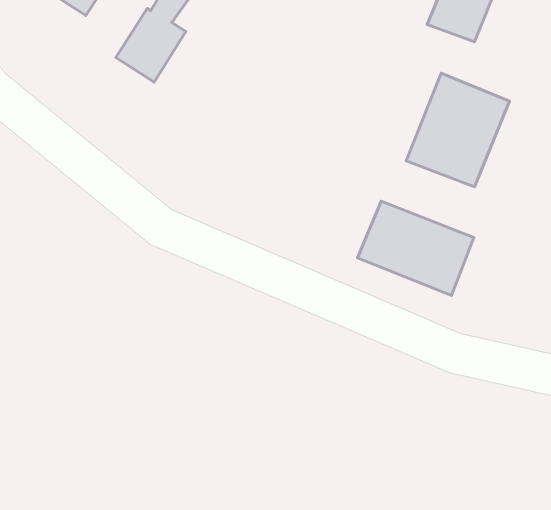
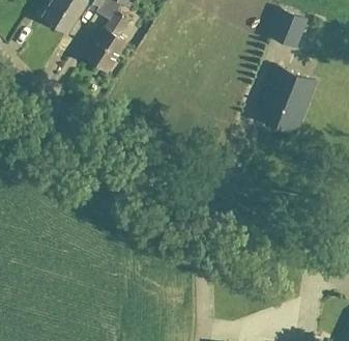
building: [357,201,474,295] -> none

